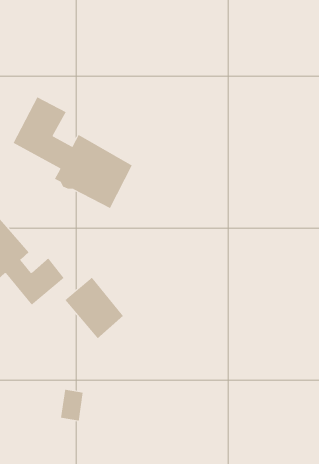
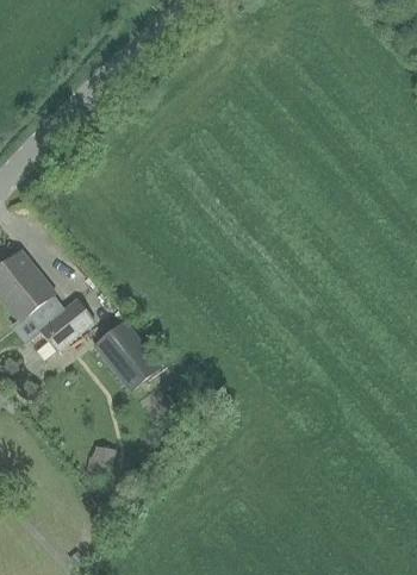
building: [13,97,132,209] -> none

